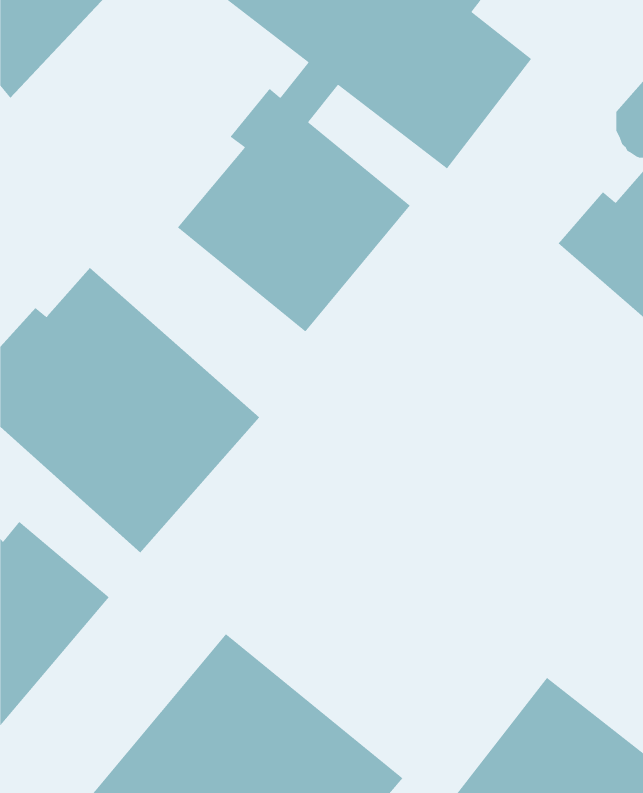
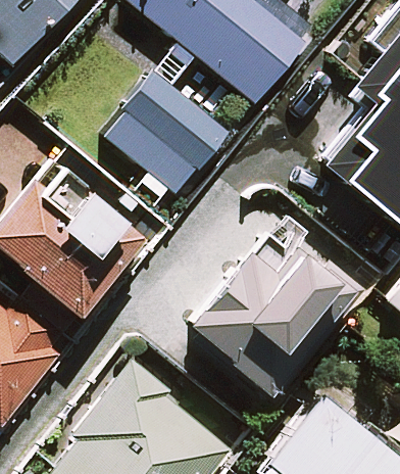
building: none -> [186,230,355,388]

